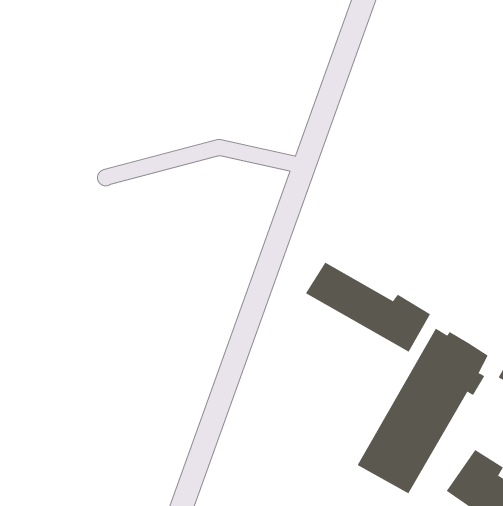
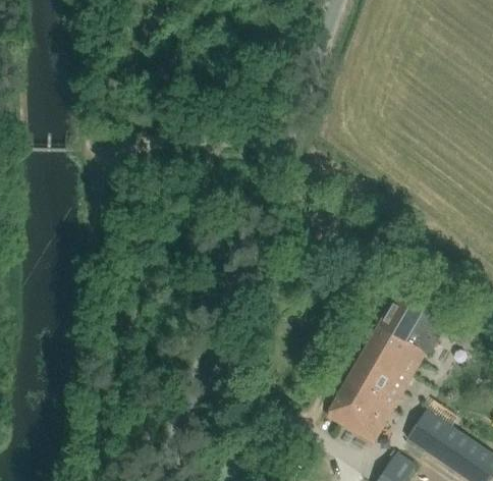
building: [305,262,431,353] -> none

